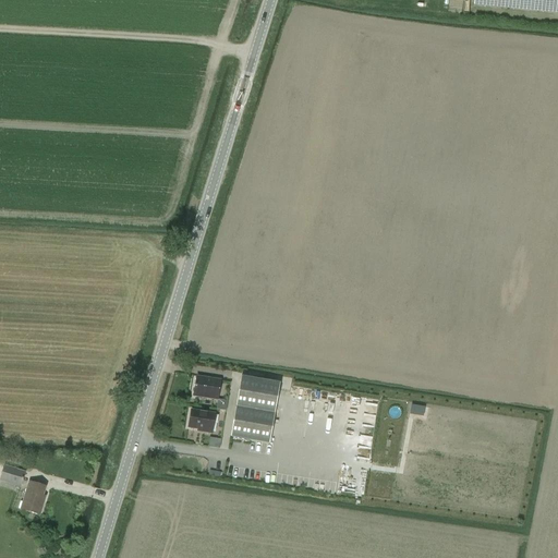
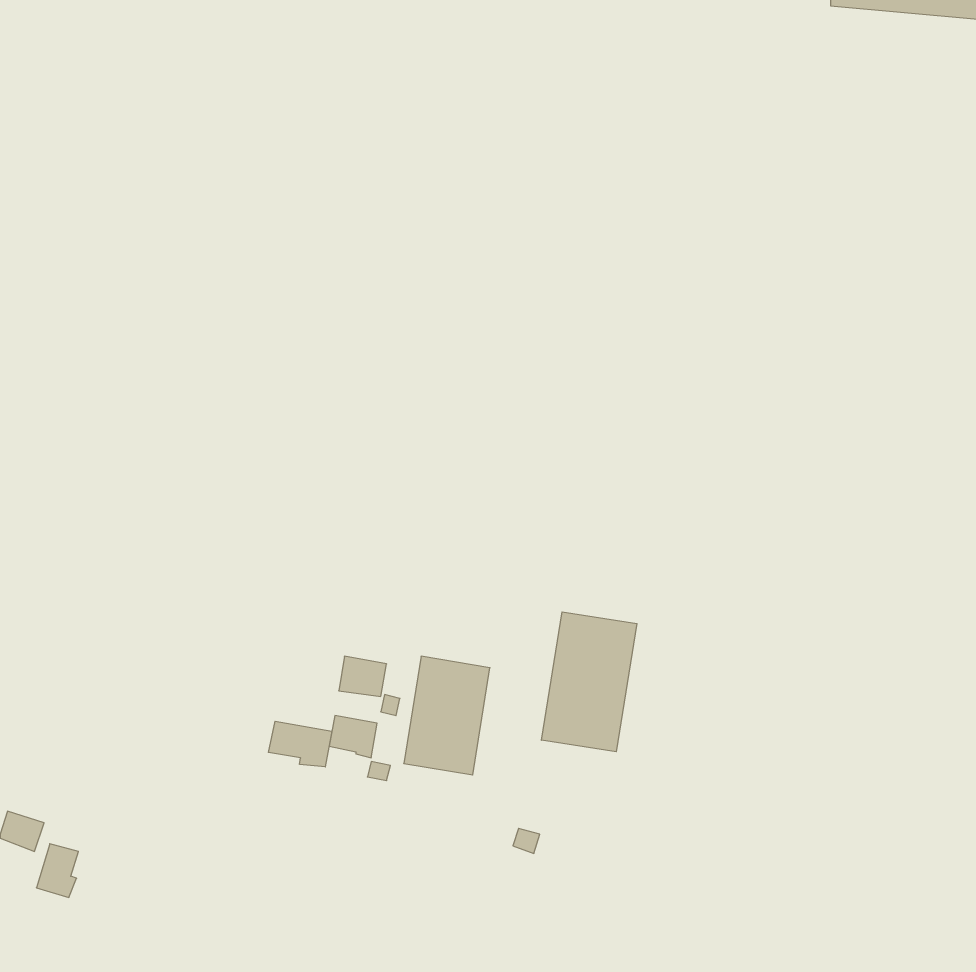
building: none -> [541,612,637,752]
building: none -> [268,721,332,767]

